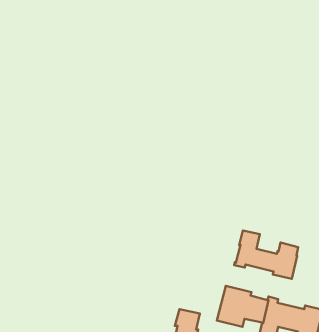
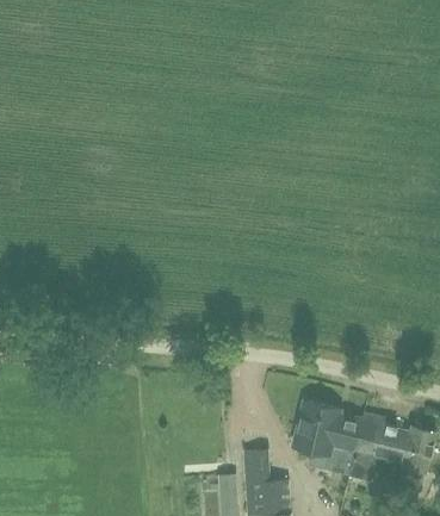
building: [234,231,298,279] -> none

